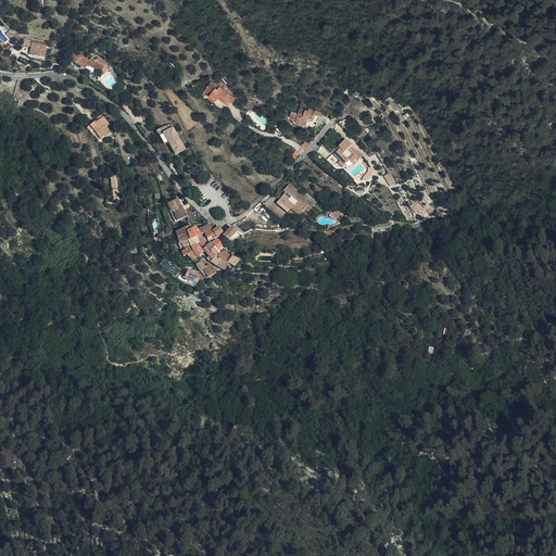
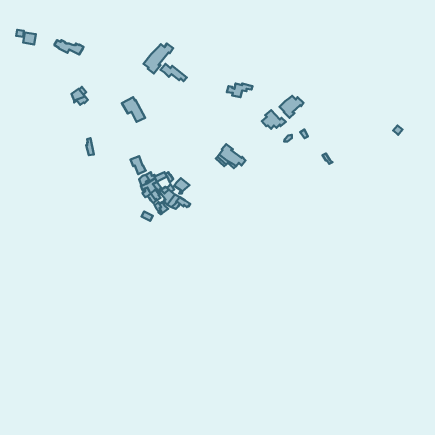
building: none -> [144,43,173,73]
building: none -> [280,96,303,118]

